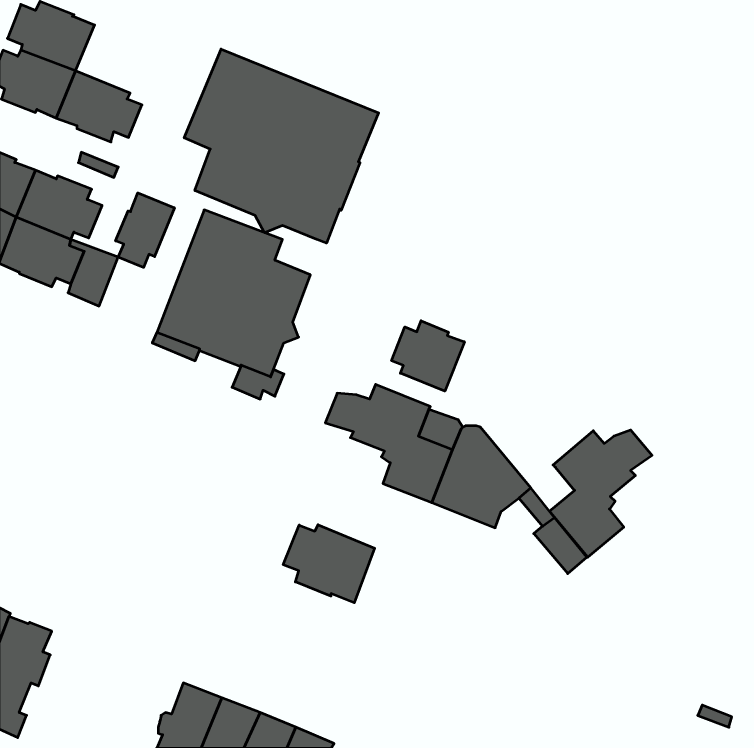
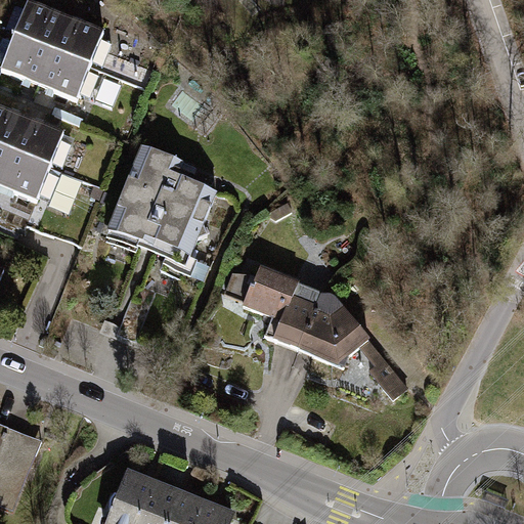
building: none -> [52,17,112,64]
building: [184,49,379,243] -> none
building: [116,193,174,267] -> none
building: [392,321,464,391] -> none
building: [550,430,652,557] -> none
building: [283,525,375,603] -> none

